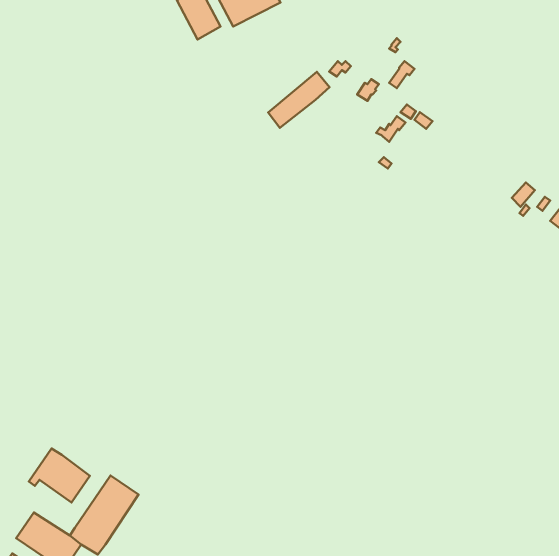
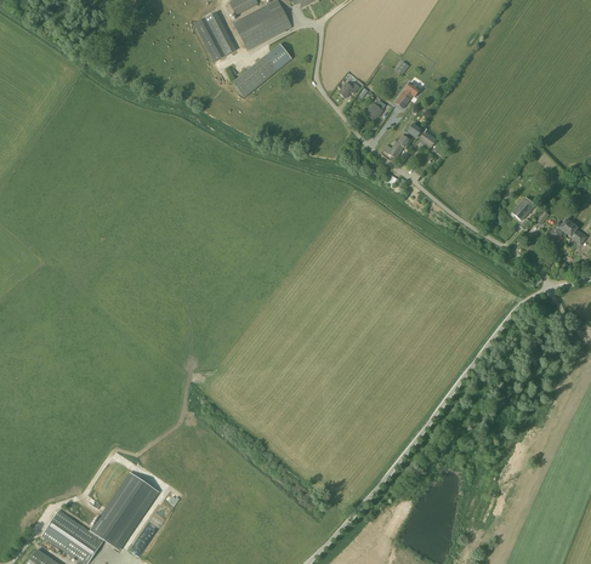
building: [268,72,330,128] -> [233,42,291,96]
building: [29,449,90,503] -> none

